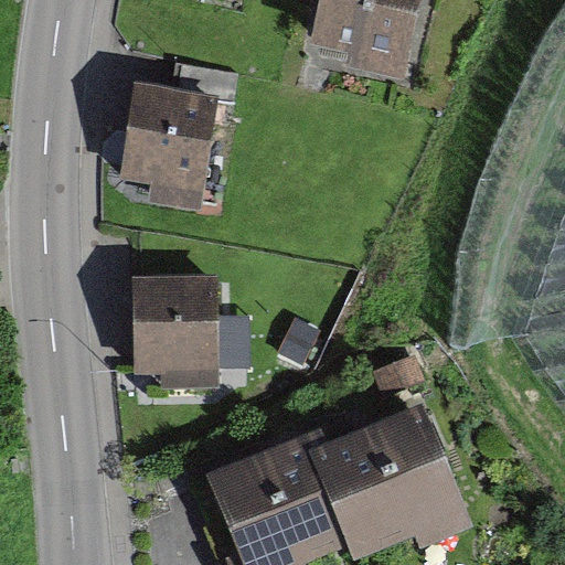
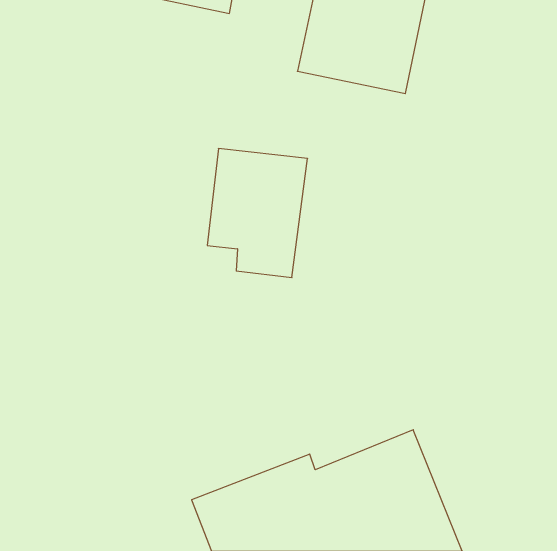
building: [119,102,218,230] -> [207,149,308,278]
building: [130,292,223,407] -> none

